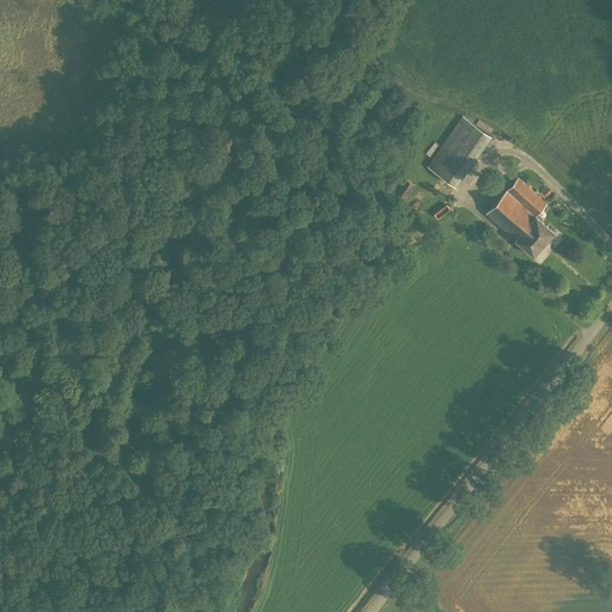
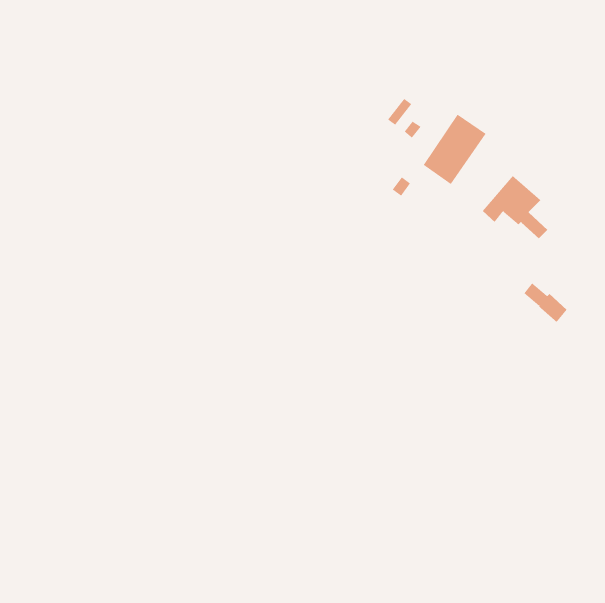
building: [500,216,544,257] -> [524,282,567,323]

